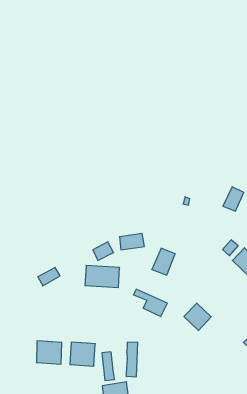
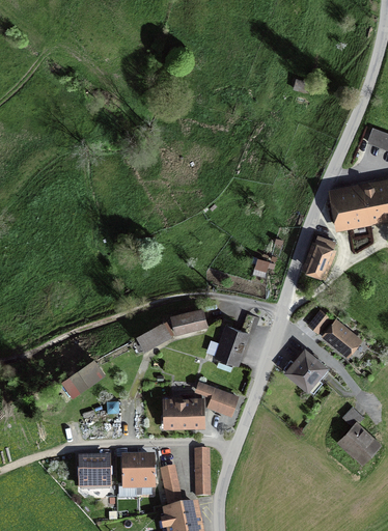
building: [85,265,120,288] -> [161,399,204,425]
building: [184,303,211,330] -> [294,354,329,389]

